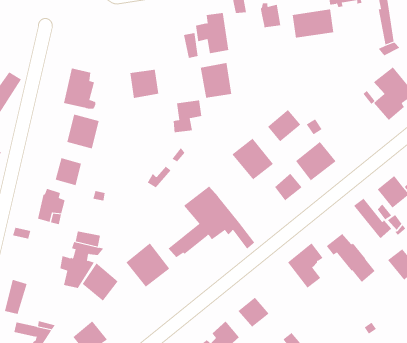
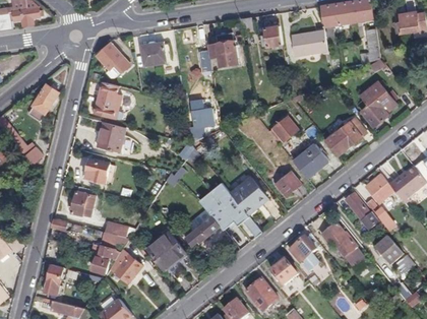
building: none -> [97,43,130,71]
building: [200,62,232,99] -> none
building: [130,69,159,99] -> [141,41,167,66]
building: none -> [327,118,367,155]
building: [232,138,274,180] -> [229,178,265,214]
building: none -> [270,259,300,289]

